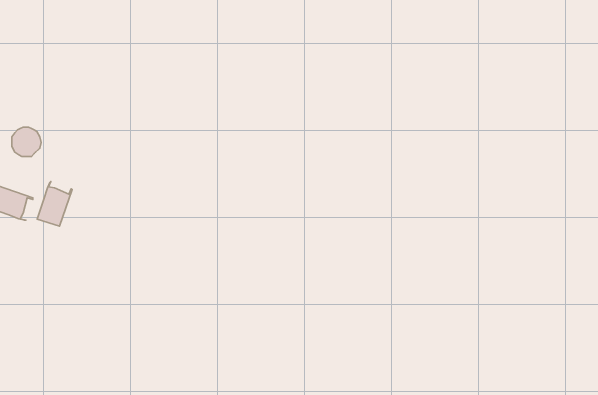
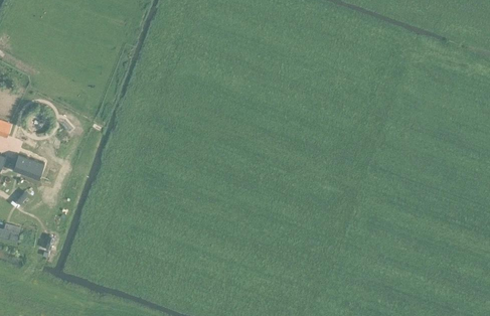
building: [37,181,72,226] -> none

